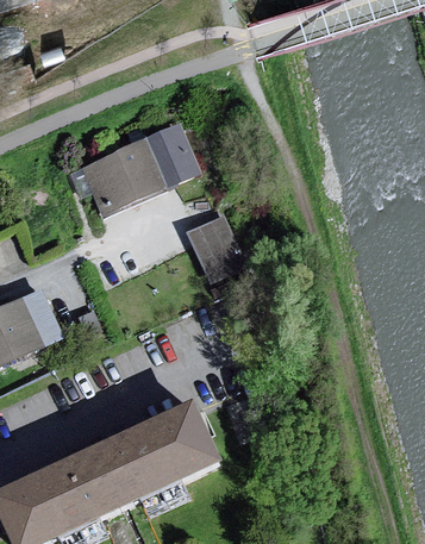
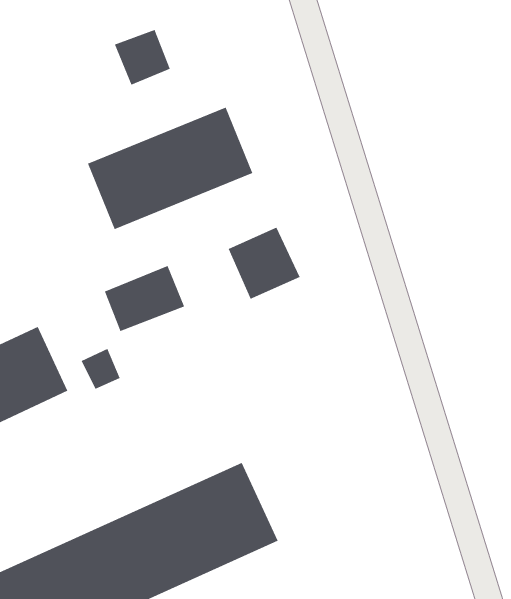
building: none -> [114,29,171,85]
building: none -> [104,265,185,332]

